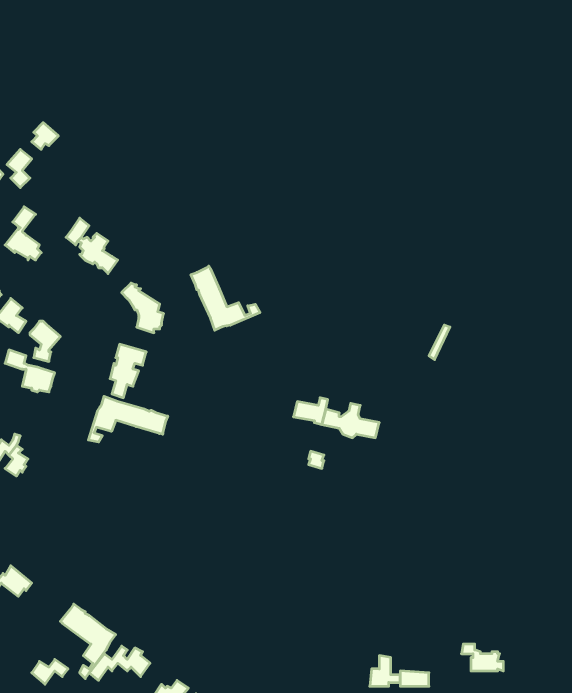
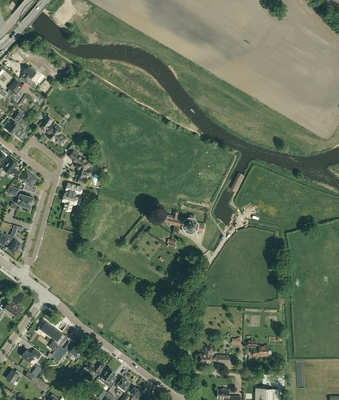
building: [191,266,260,330] -> none
building: [88,396,168,442] -> none

